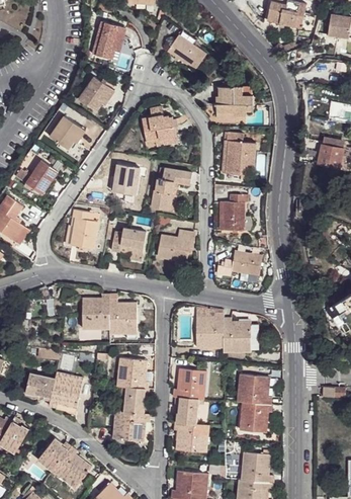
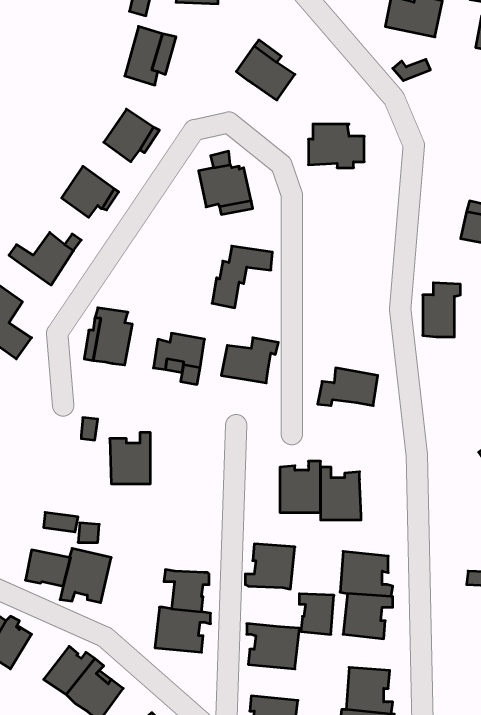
building: [225,132,256,174] -> none
building: [113,164,139,194] -> none
building: [223,193,248,230] -> [423,283,460,337]
building: [109,294,137,333] -> none
building: [116,357,149,388] -> none
building: [175,397,198,424] -> [299,594,334,634]

